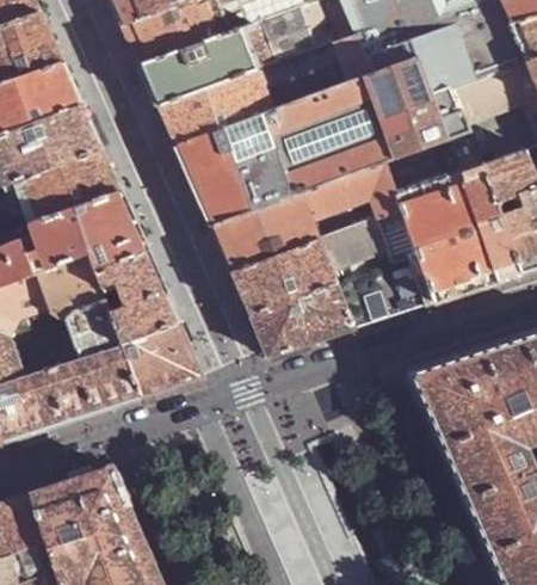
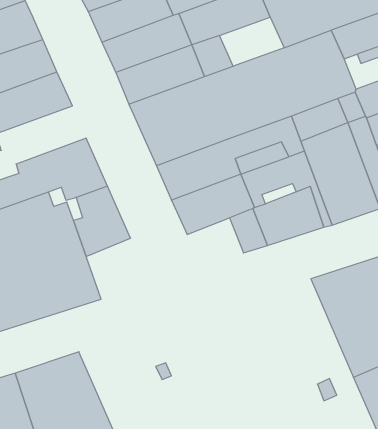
building: [291,35,375,98] -> none
building: [13,149,119,224] -> none
building: [249,294,322,357] -> none
building: [119,320,203,399] -> none

